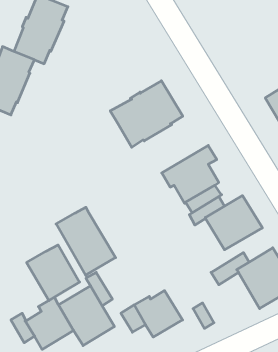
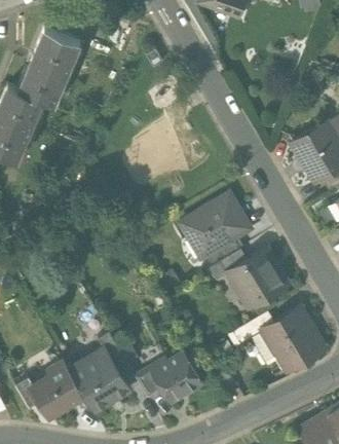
building: [110,81,183,147] -> none
building: [56,207,116,275] -> none
building: [27,245,80,301] -> none

